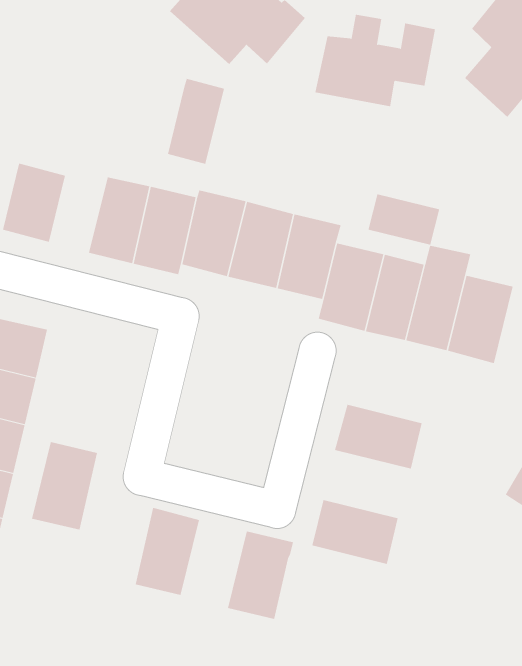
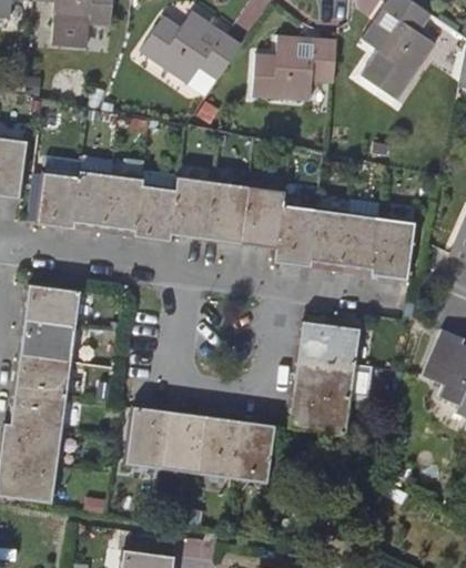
building: [167,78,225,164] -> [73,170,110,231]
building: [368,193,440,245] -> none
building: [31,442,98,530] -> [125,406,169,468]
building: none -> [292,355,354,399]
building: none -> [196,416,239,478]

